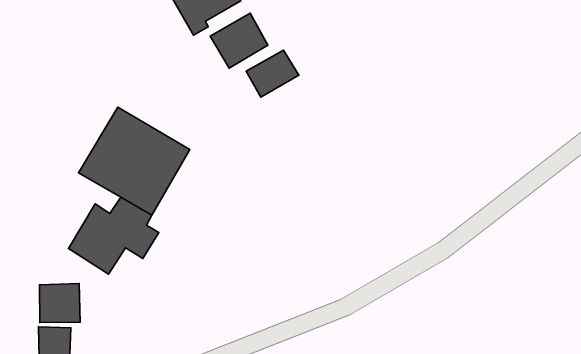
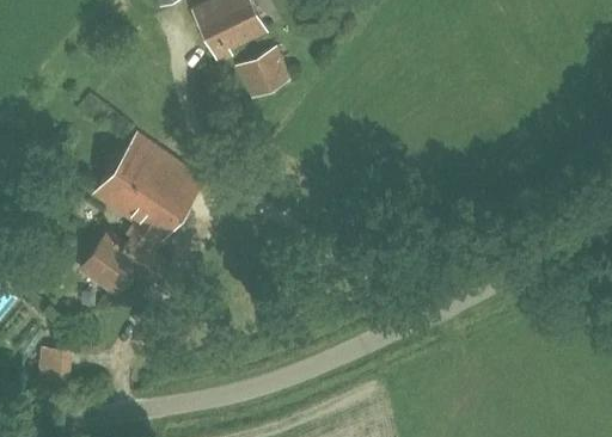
building: [246,50,299,97] -> none
building: [39,283,80,323] -> none

